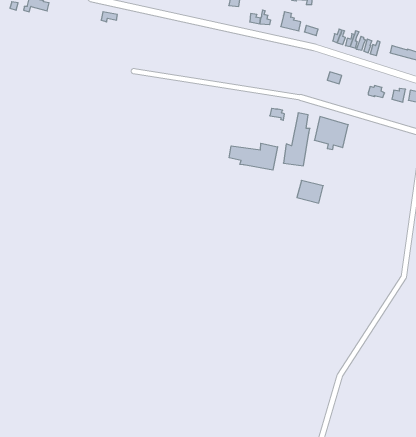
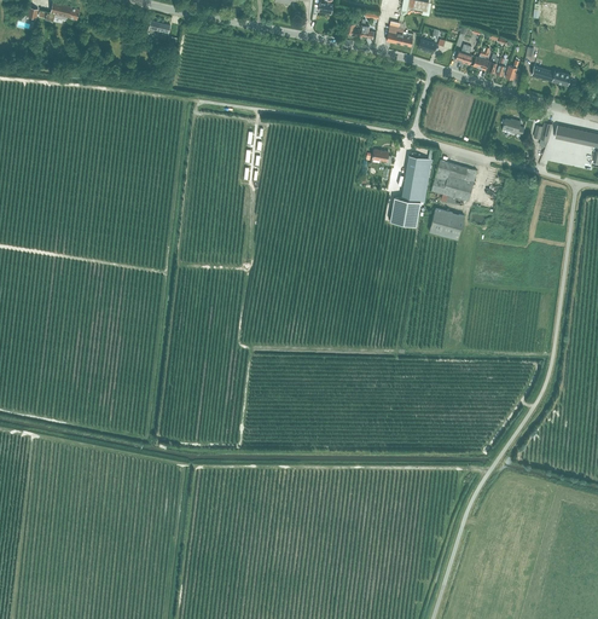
building: [229,143,278,170] -> none
building: [297,180,323,203] -> [430,208,465,238]

